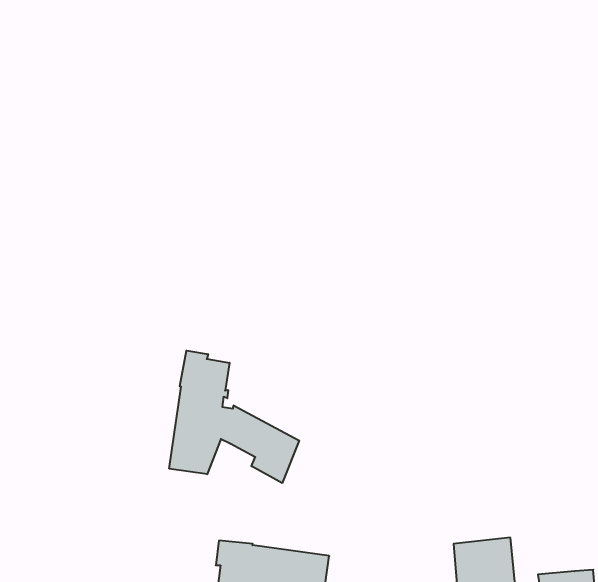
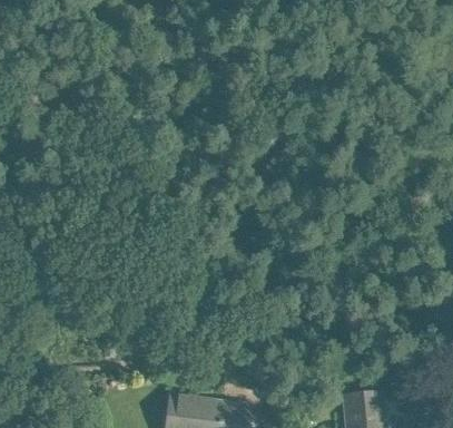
building: [169,351,299,483] -> none

